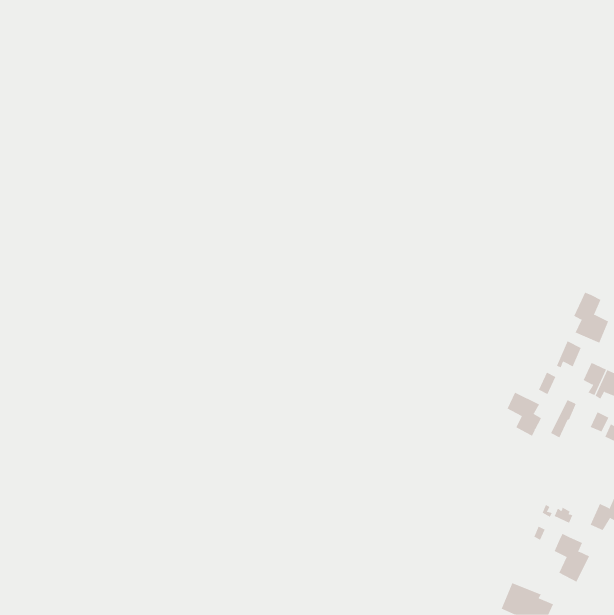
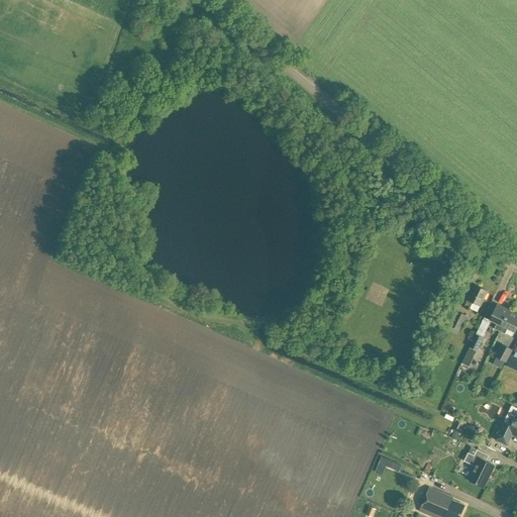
building: [574,292,609,343] -> none
building: [507,392,542,436] -> none

